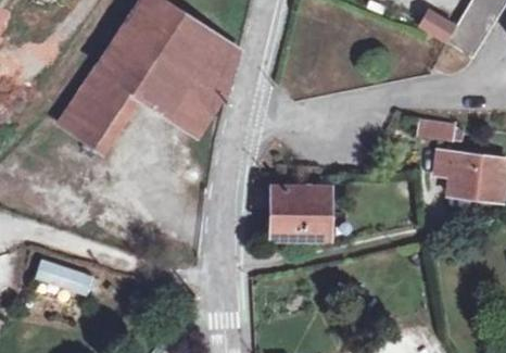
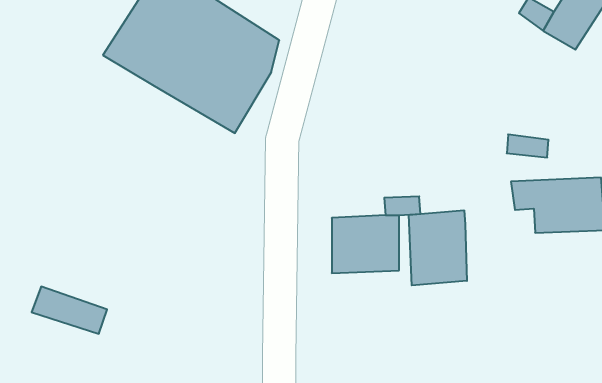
building: [60,62,136,141] -> none
building: none -> [409,210,467,285]

